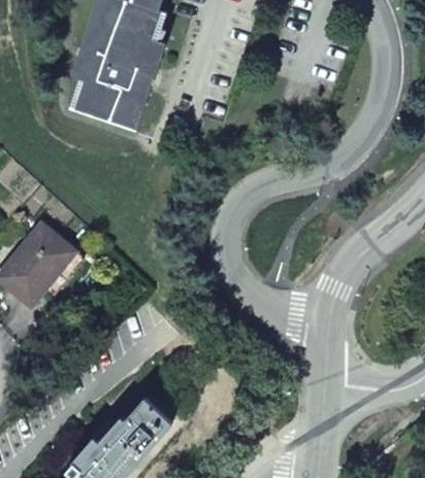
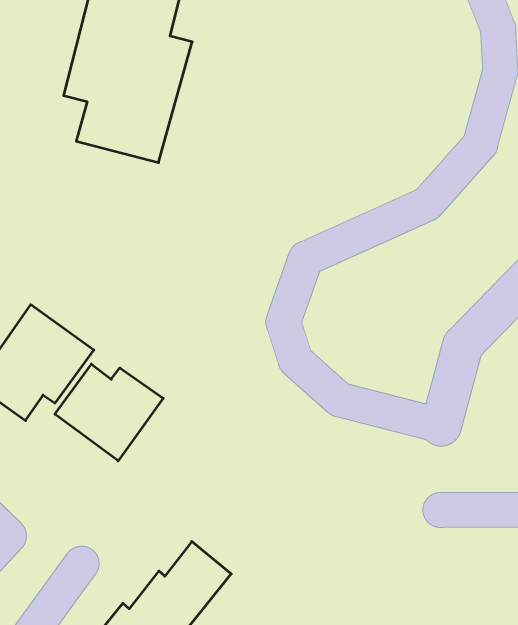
building: none -> [55,364,163,461]

